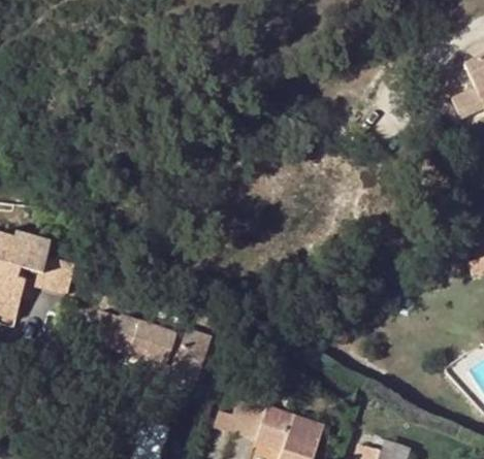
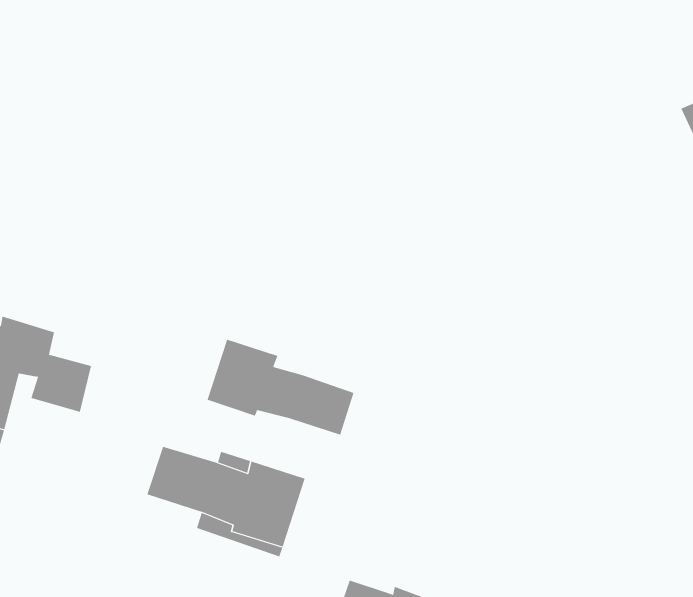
building: none -> [207,339,354,436]

